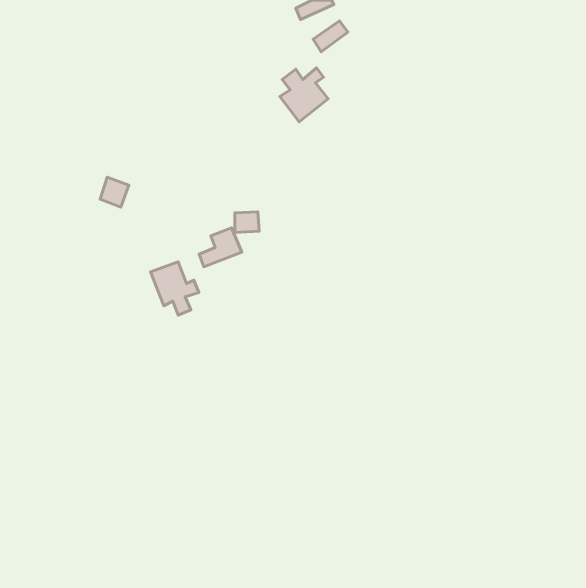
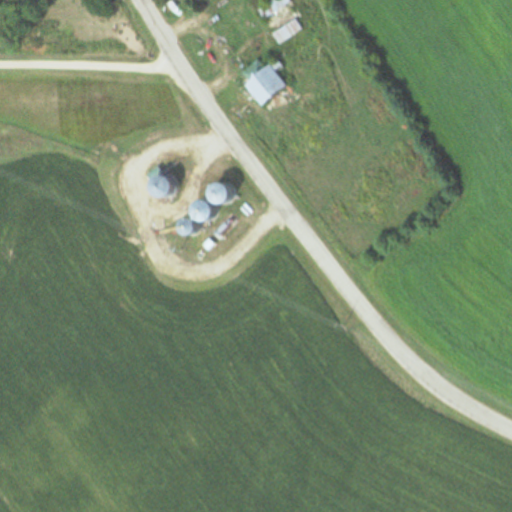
building: [100,177,129,207] -> [146,171,171,197]
building: [150,262,199,315] -> none

